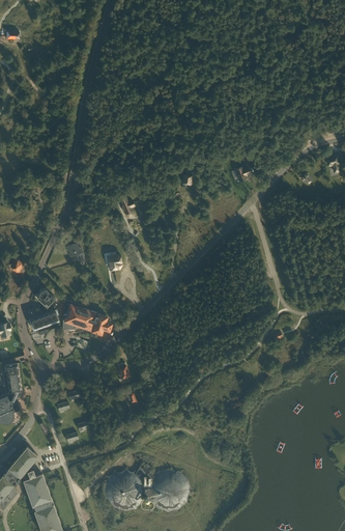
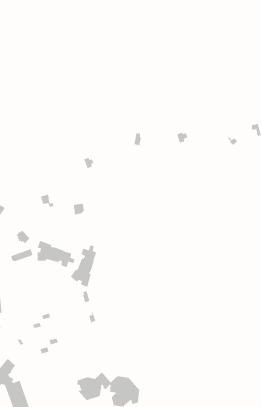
building: none -> [70,244,97,288]

